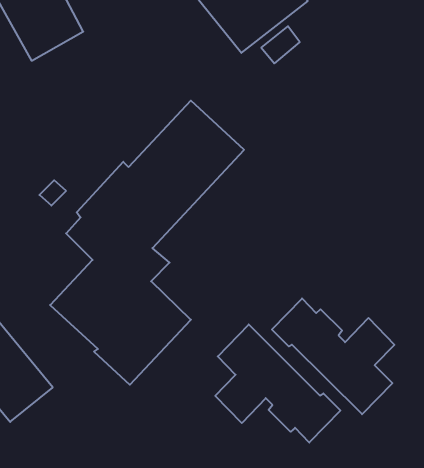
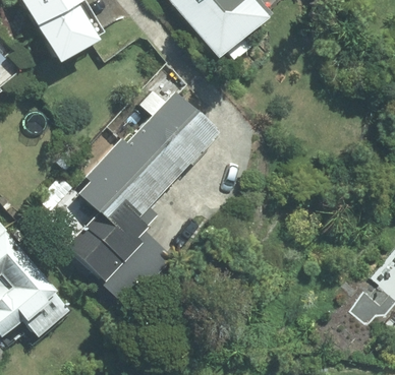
building: [272,298,394,414] -> none
building: [215,324,340,443] -> none

